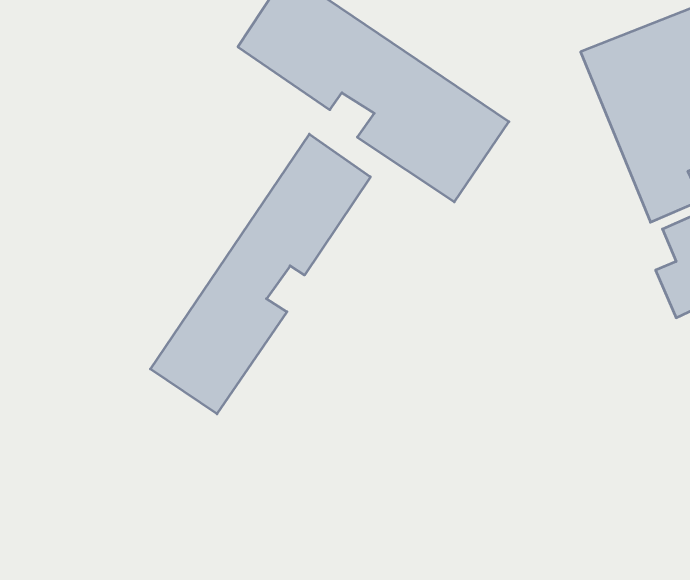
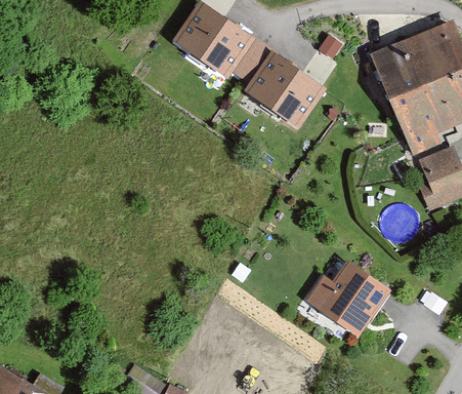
building: [150,134,370,414] -> none
building: none -> [304,253,400,337]

